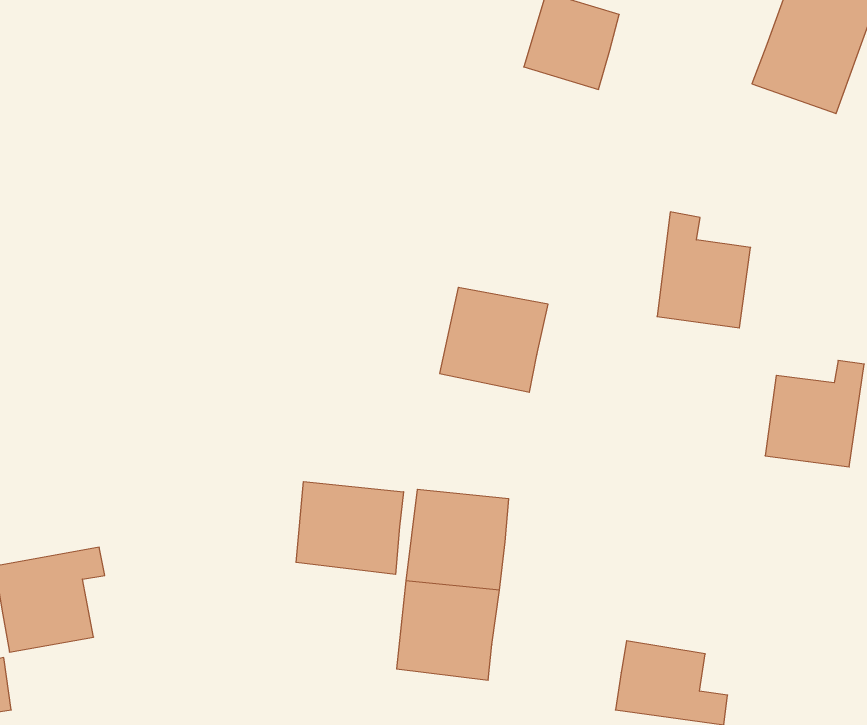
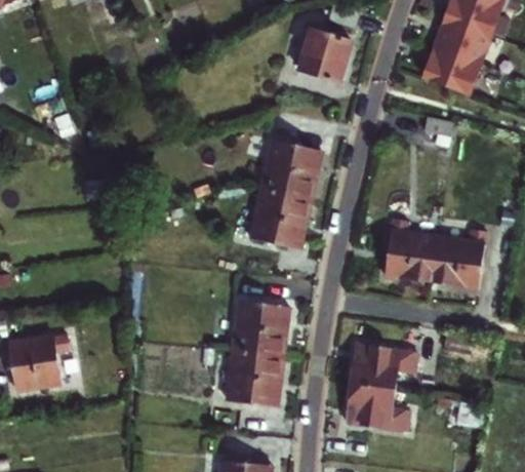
building: none -> [261,141,321,199]
building: [657,212,751,328] -> [385,219,436,282]
building: [296,482,404,574] -> none
building: none -> [354,346,417,391]

